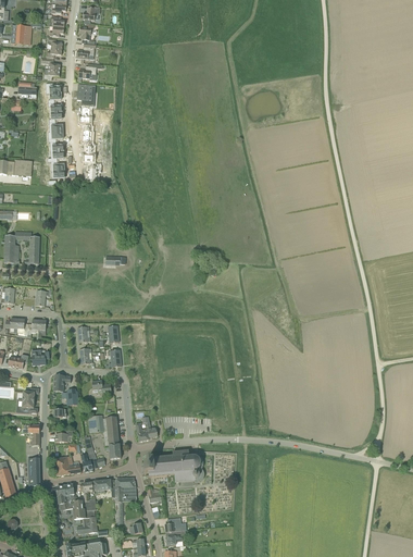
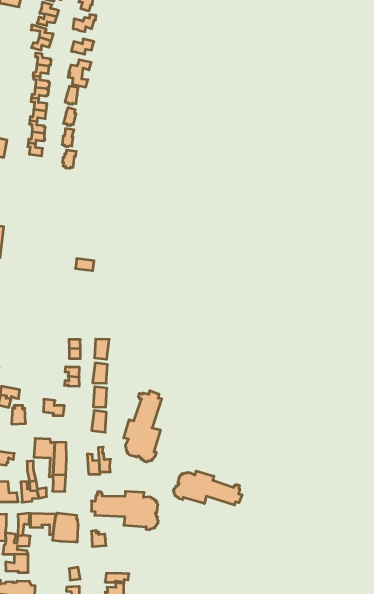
building: none -> [124,391,162,462]
building: none -> [173,471,242,505]

